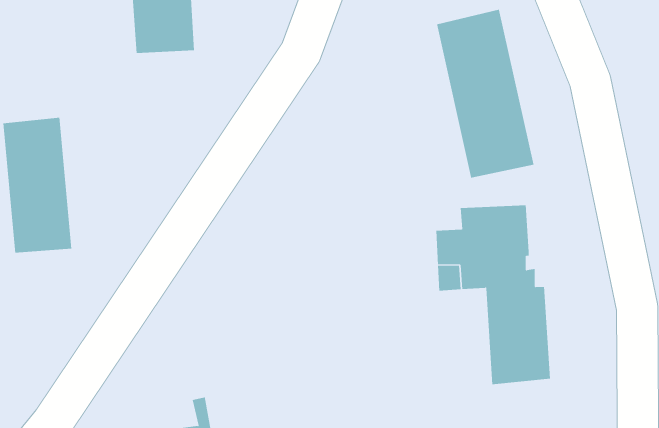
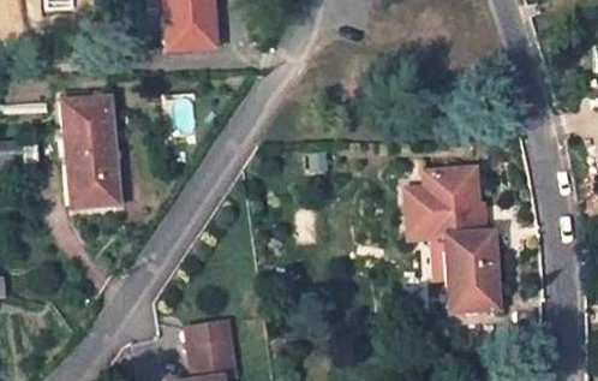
building: [437,9,534,178] -> none

